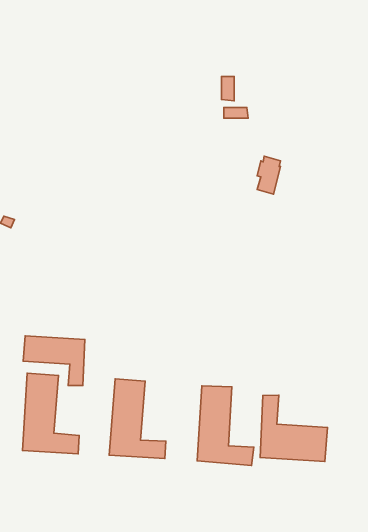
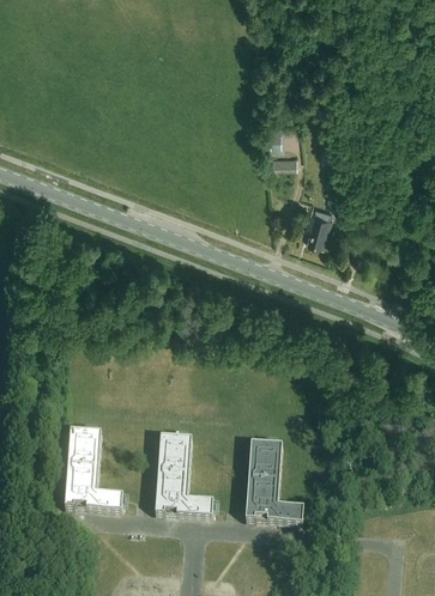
building: [23,336,85,386] -> none
building: [260,395,327,462] -> none

